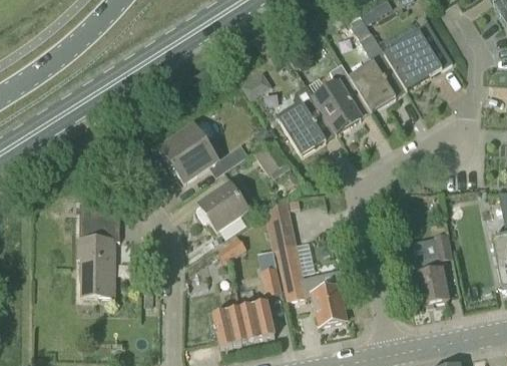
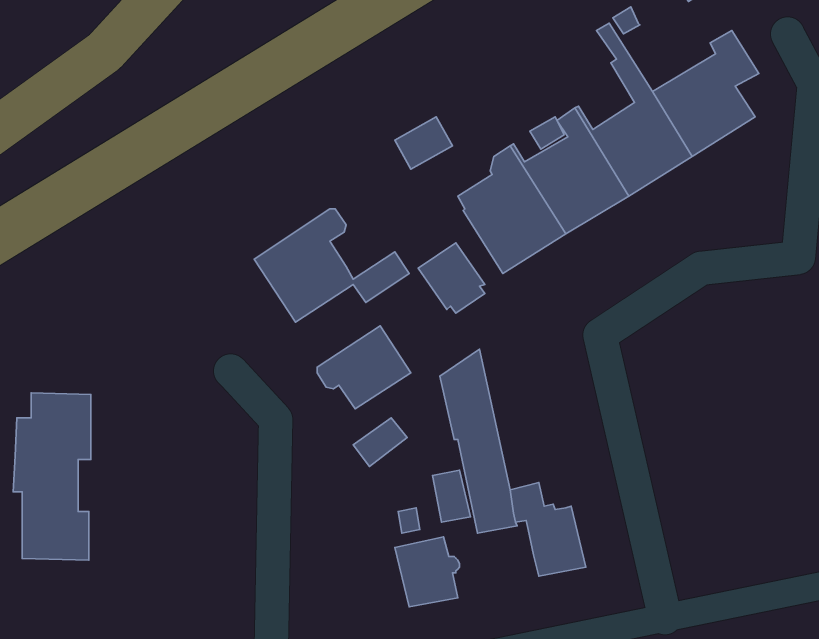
building: [78,202,121,295] -> [13,393,91,560]
building: [408,232,452,304] -> none
building: [211,307,247,346] -> none

